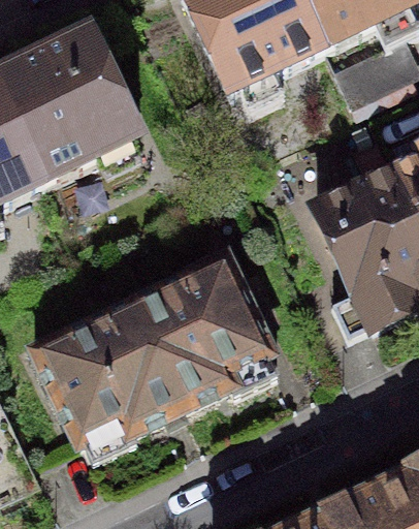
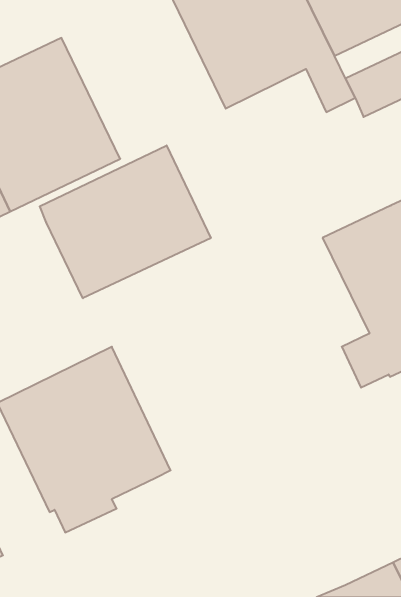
building: none -> [40,145,211,298]
building: [133,253,278,406] -> none

